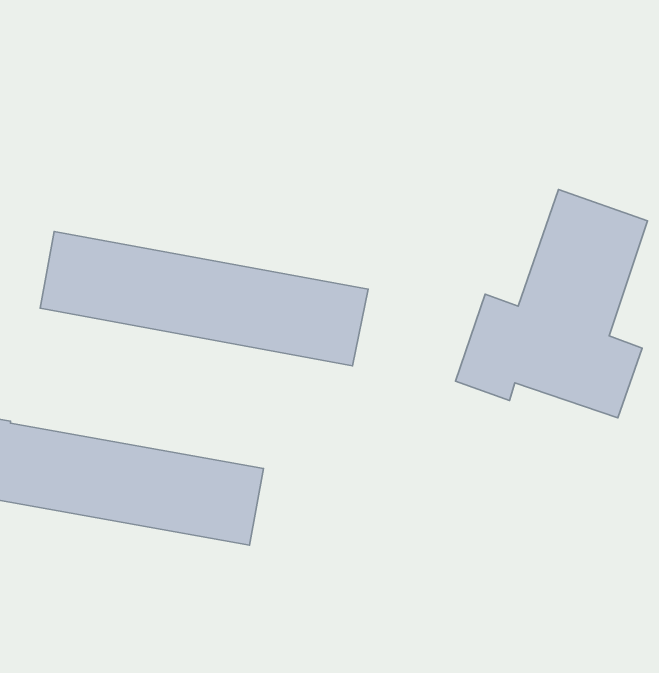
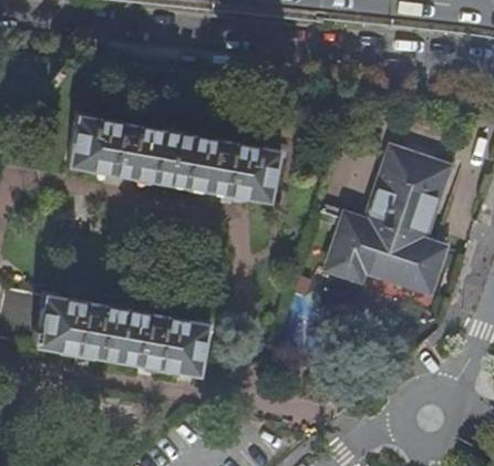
building: [40,232,368,366] -> [69,117,277,203]

